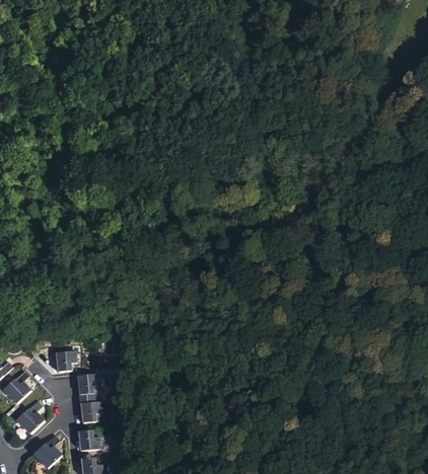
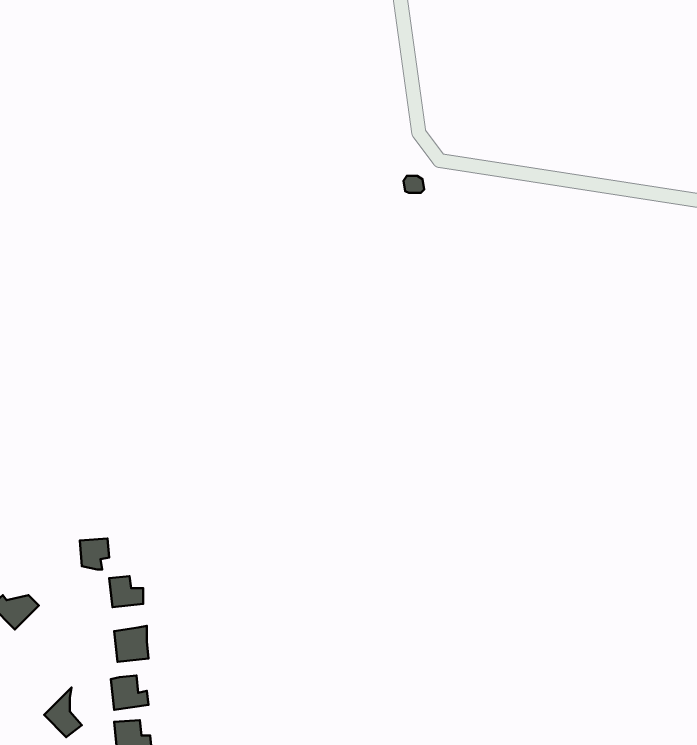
building: [18,398,48,432] -> none

